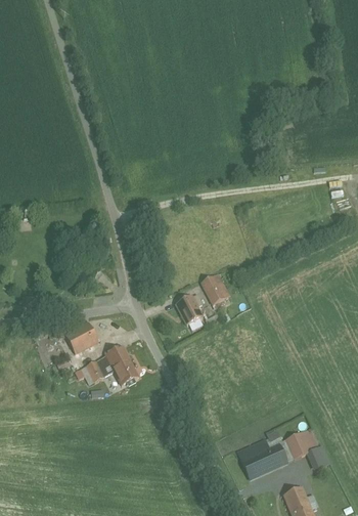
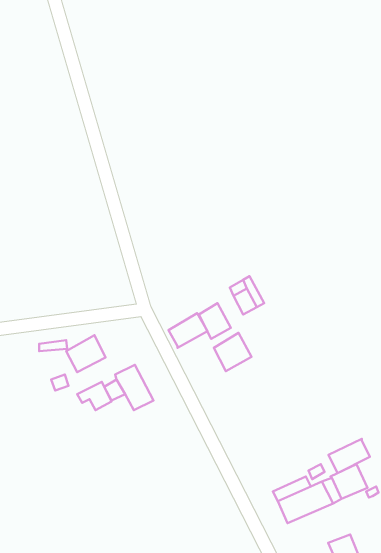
building: none -> [168,313,207,348]
building: none -> [214,333,252,371]
building: none -> [329,439,370,473]

